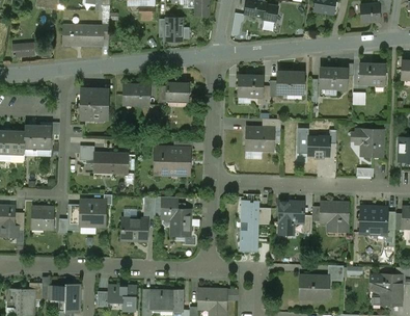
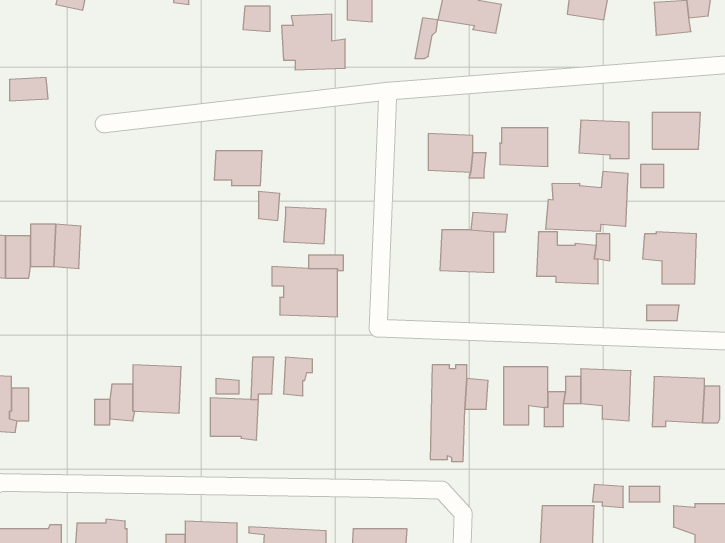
building: [63,26,103,46] -> none
building: [166,82,189,102] -> [284,207,326,244]
building: [79,89,109,120] -> none
building: none -> [546,171,628,231]
building: [93,154,128,174] -> none
building: [32,207,53,230] -> none
building: [171,209,190,236] -> none

